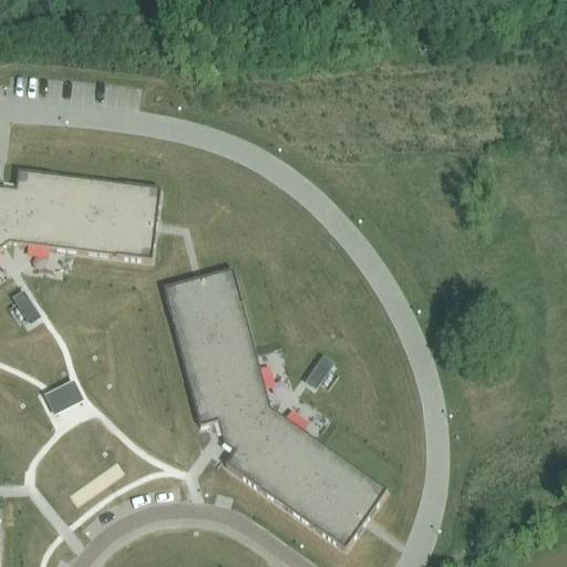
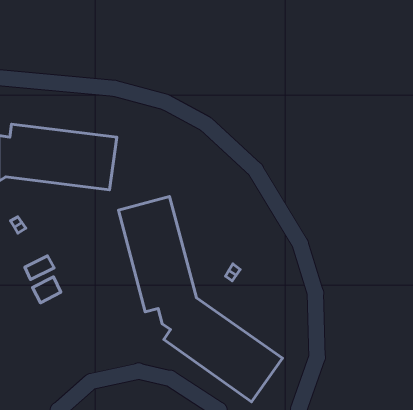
building: none -> [25,256,54,280]

